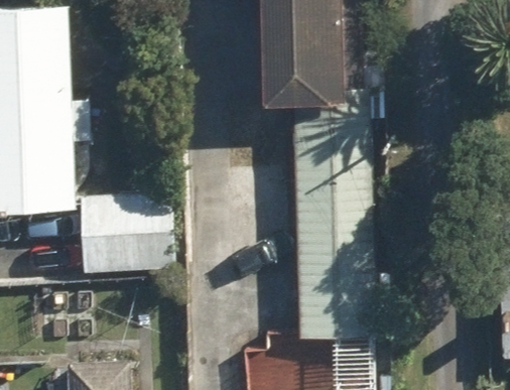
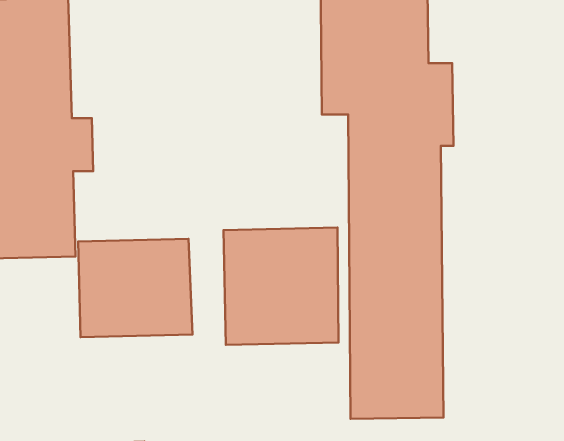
building: none -> [224,227,339,345]

